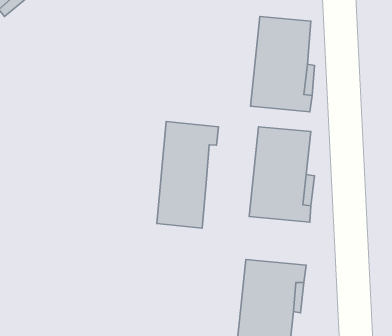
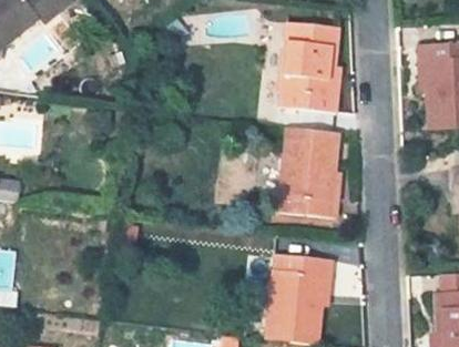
building: [157,122,219,228] -> none

